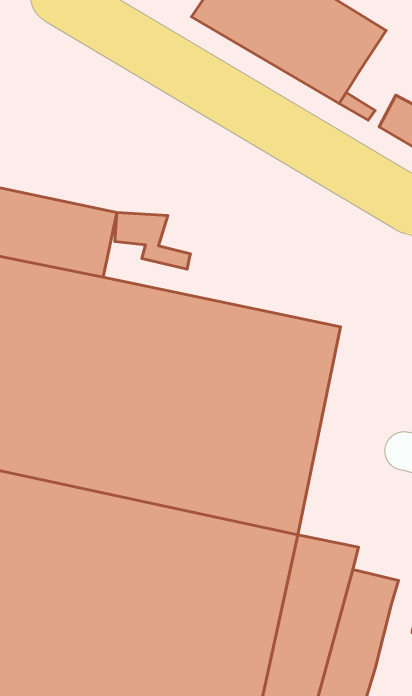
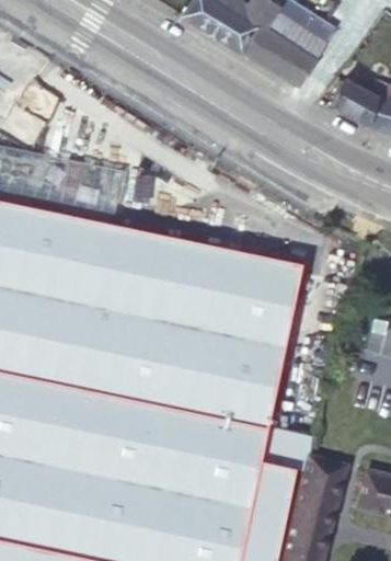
building: [115,212,190,269] -> none

